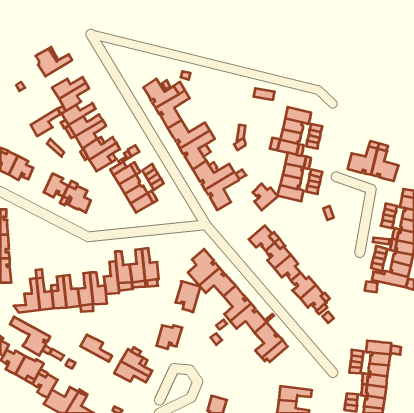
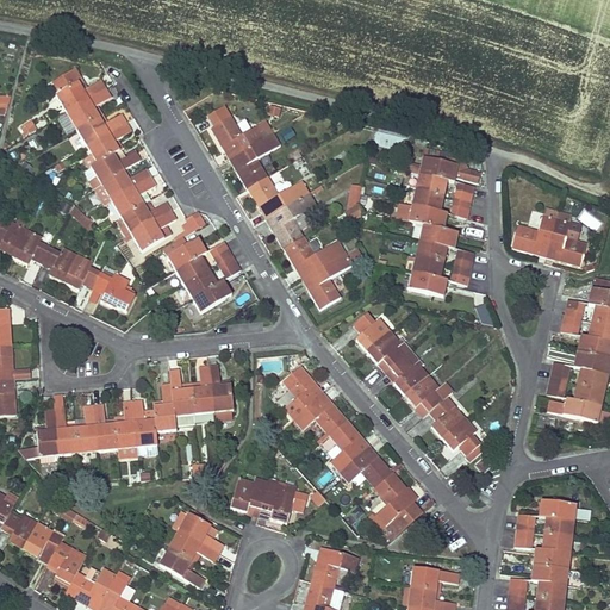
building: [31,109,61,136] -> [67,88,111,129]
building: none -> [42,247,77,282]
building: [253,184,278,210] -> [353,312,390,351]
building: [175,281,200,312] -> [260,478,297,523]
building: [10,317,50,356] -> none
building: [80,335,112,362] -> [158,548,205,587]
building: none -> [311,547,359,587]

